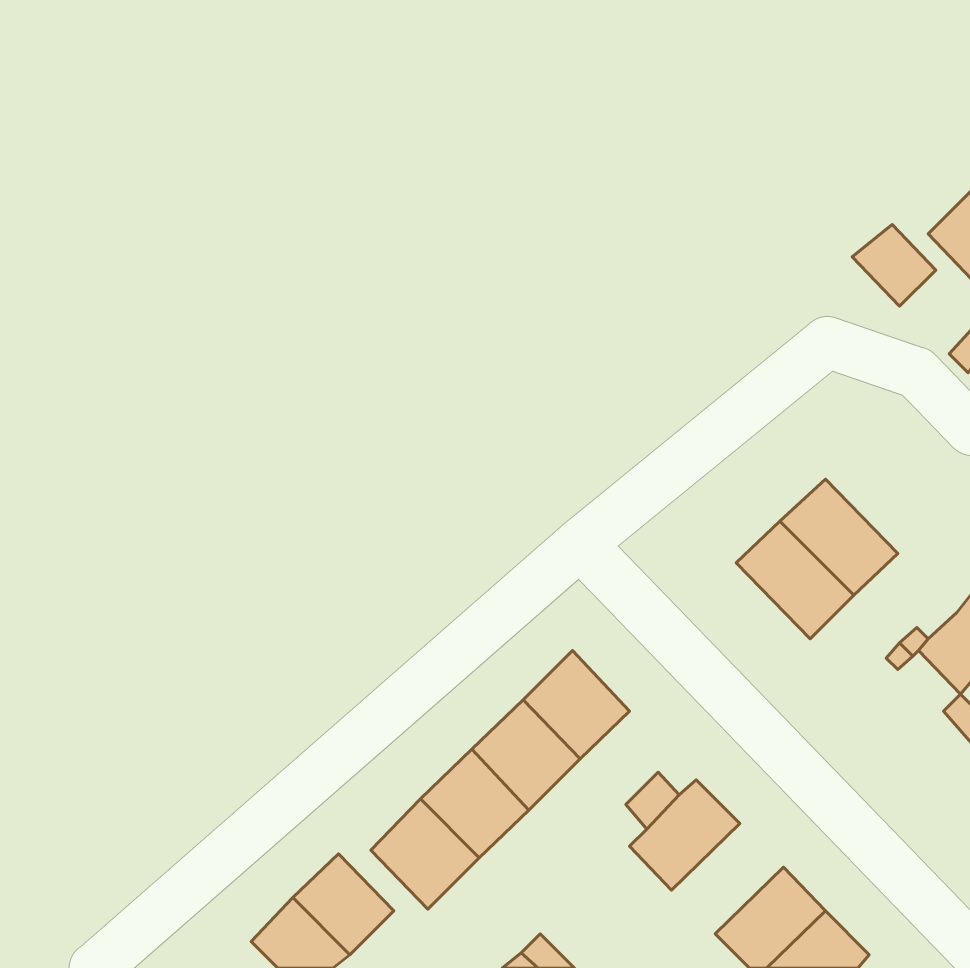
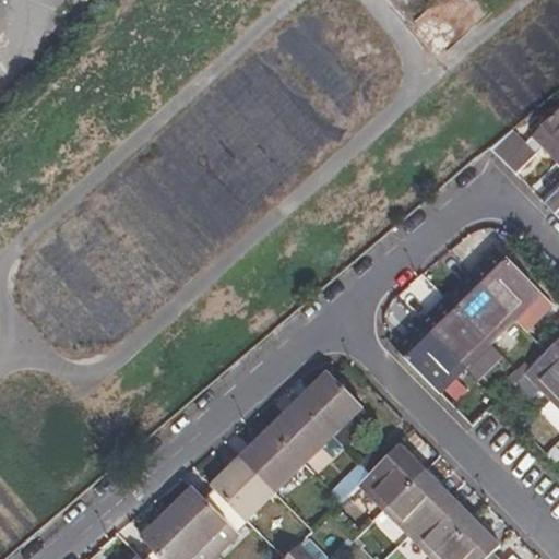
building: none -> [475,250,542,318]
building: none -> [399,323,466,392]
building: none -> [386,473,451,536]

